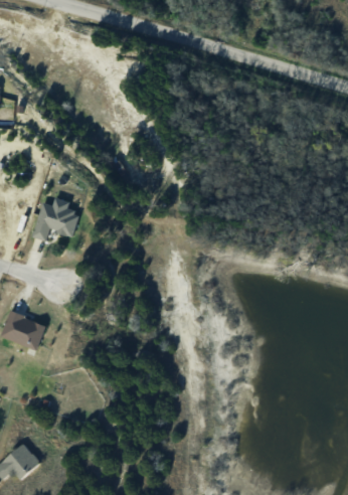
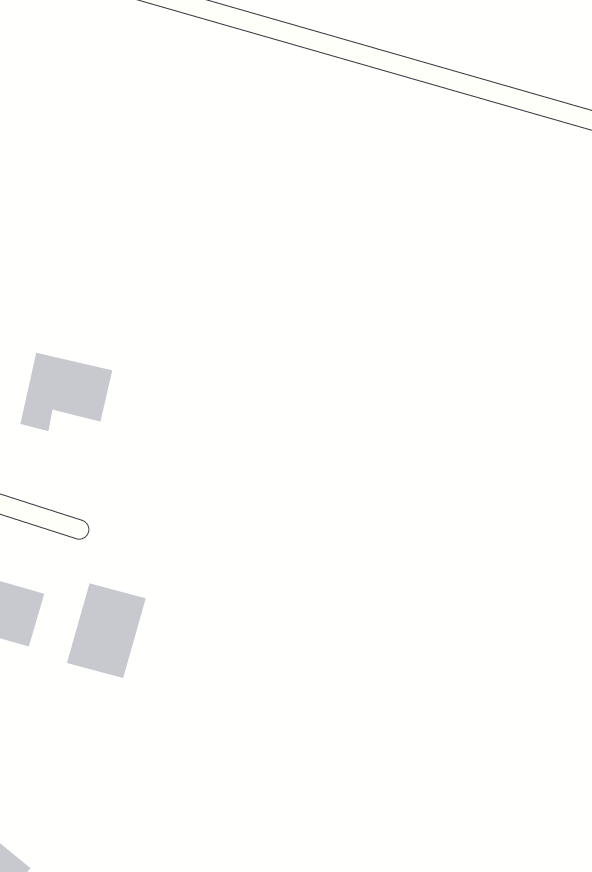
building: none -> [66,582,146,679]

